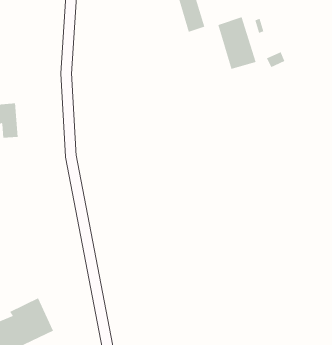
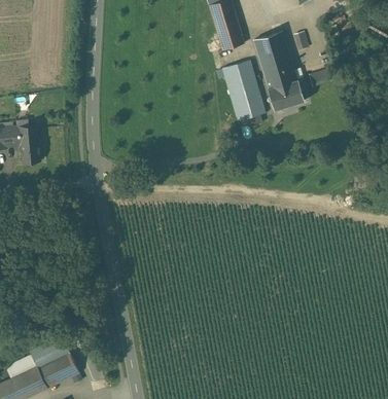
building: none -> [221,61,263,120]
building: none -> [269,80,305,110]

